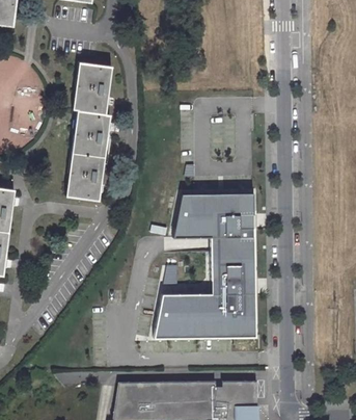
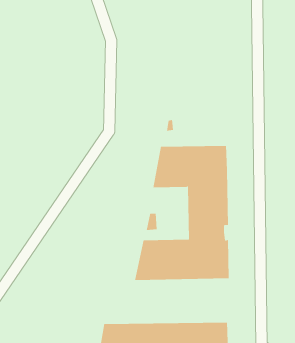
building: [66,70,106,206] -> none

